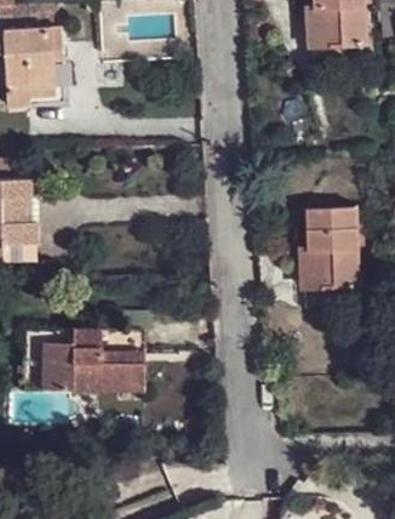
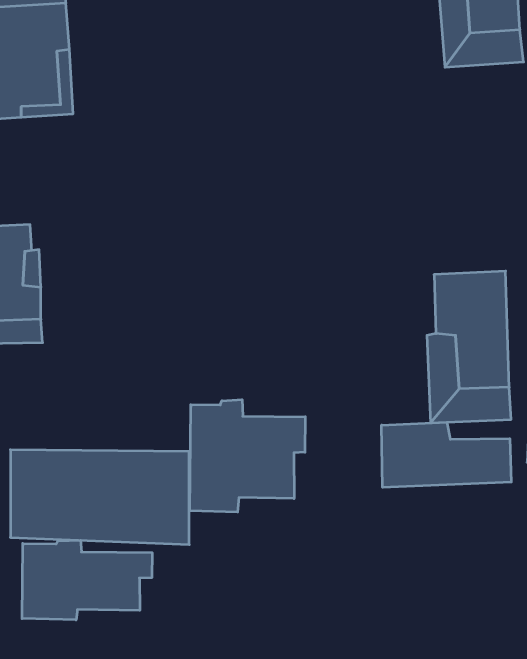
building: none -> [190,400,305,512]
building: none -> [382,422,511,487]
building: none -> [22,540,152,620]

